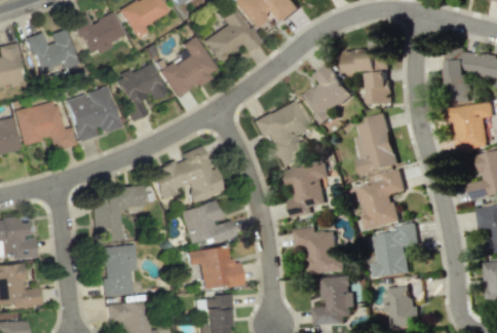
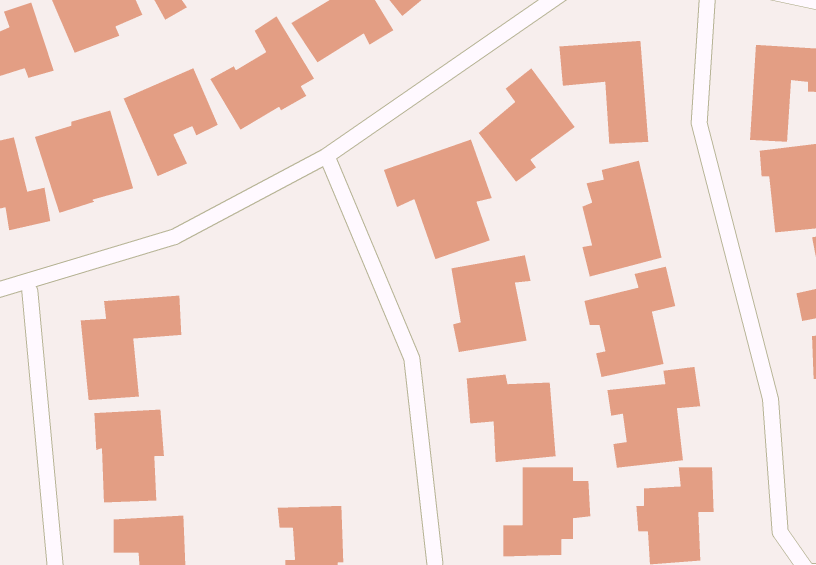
building: [150,146,223,202] -> none
building: [180,200,235,244] -> none
building: [187,246,242,291] -> none

